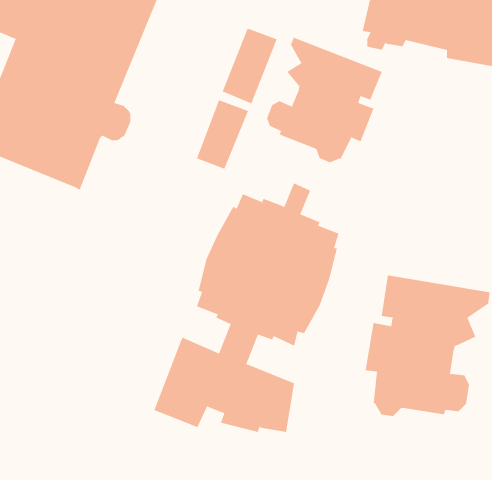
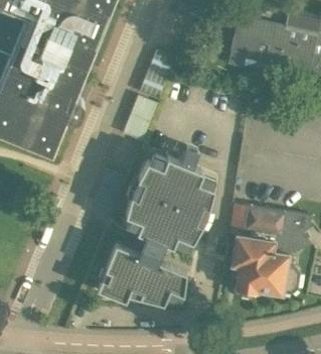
building: [266,37,382,163] -> none

